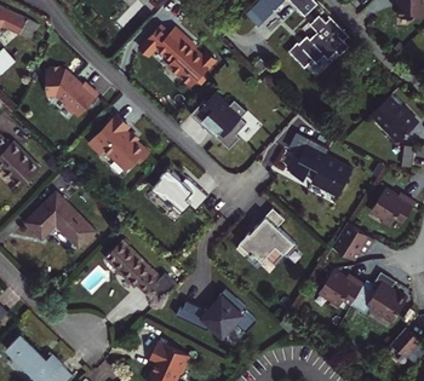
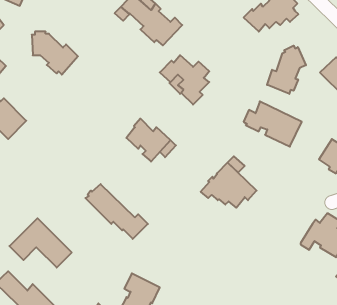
building: none -> [267,46,306,94]
building: [90,115,148,168] -> none
building: [22,195,92,250] -> [9,218,72,268]
building: [331,223,373,261] -> none
building: [317,270,362,308] -> none
building: [174,288,257,336] -> none

